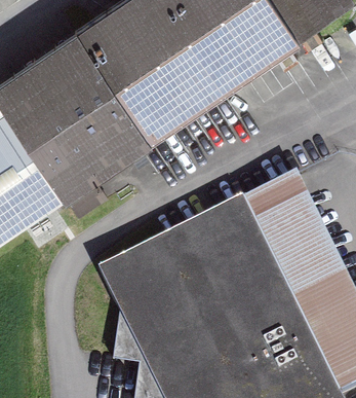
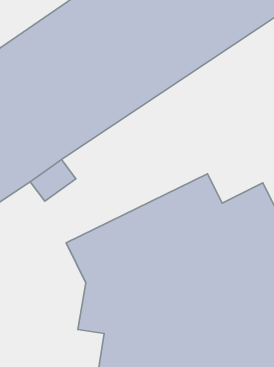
building: [251,173,310,224] -> none

